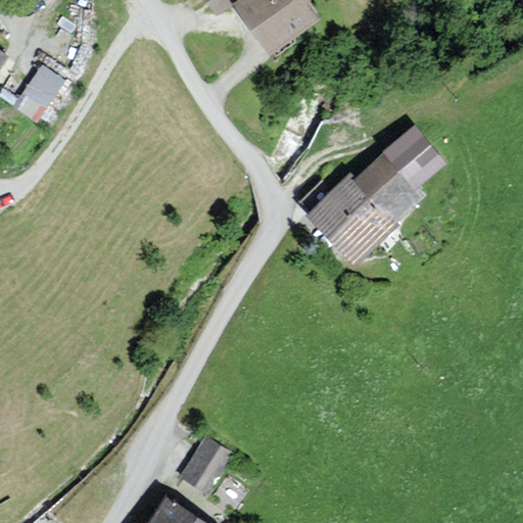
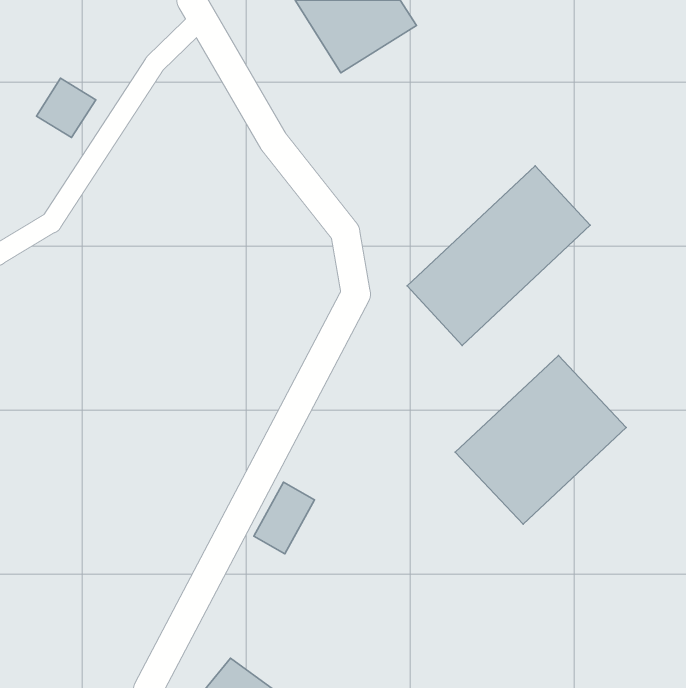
building: none -> [455,355,626,524]
building: [182,434,228,488] -> [254,482,315,554]

